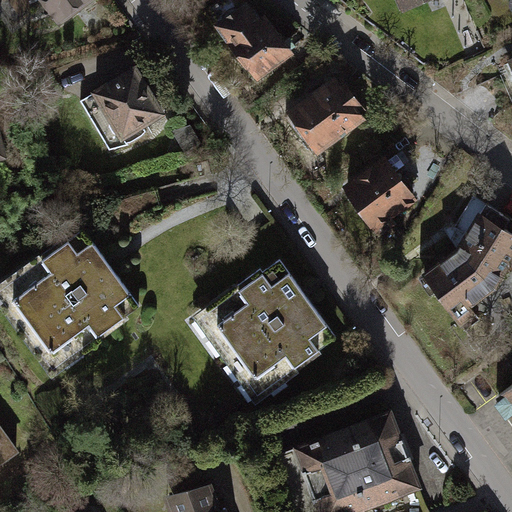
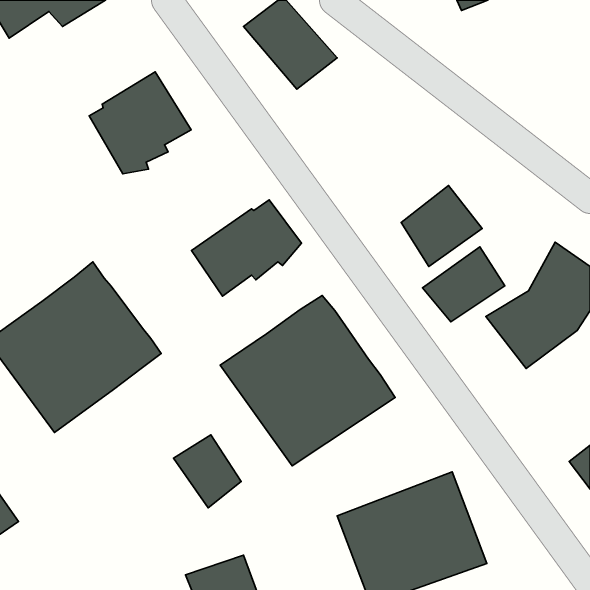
building: [290,80,368,154] -> none
building: none -> [192,200,301,296]
building: none -> [423,247,505,322]
building: none -> [174,435,241,508]

